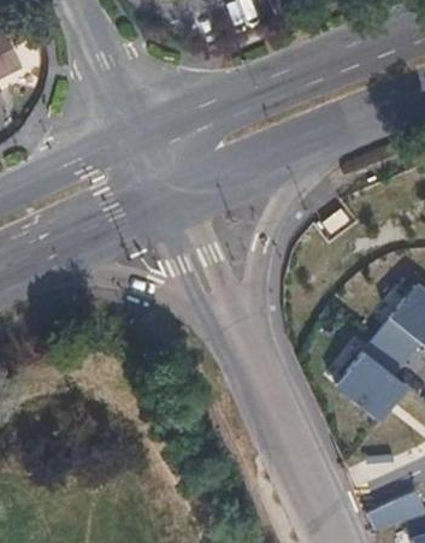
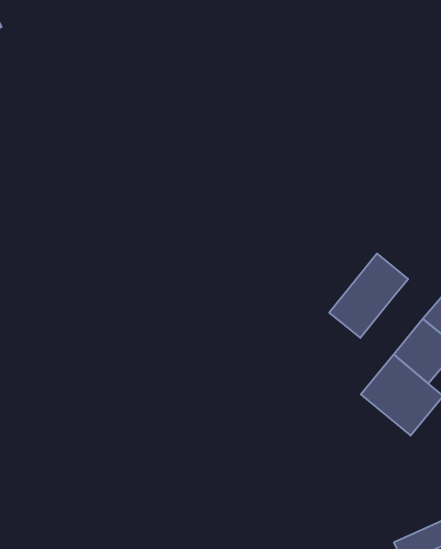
building: none -> [329,254,408,338]

